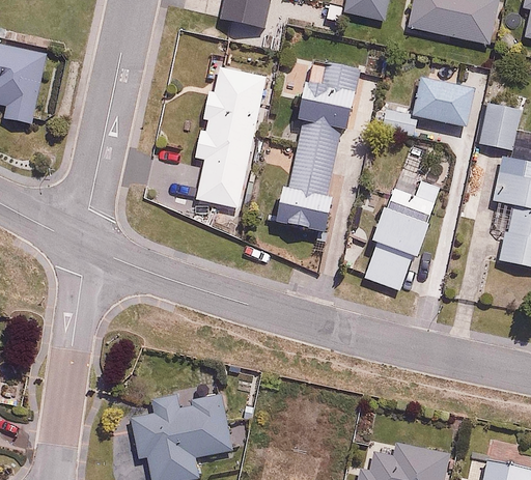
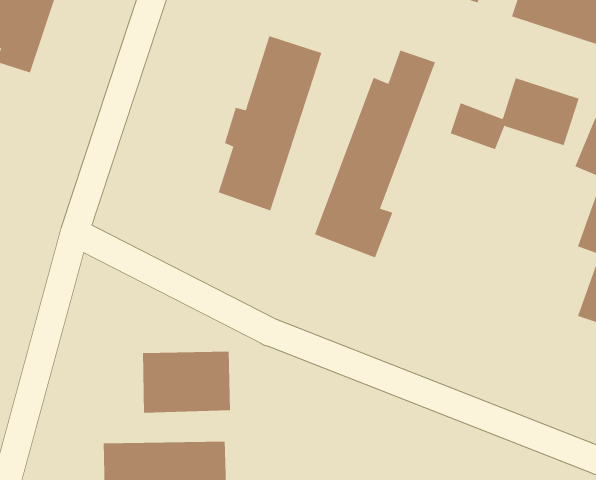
building: [364,165,448,291] -> none
building: none -> [142,351,231,414]

